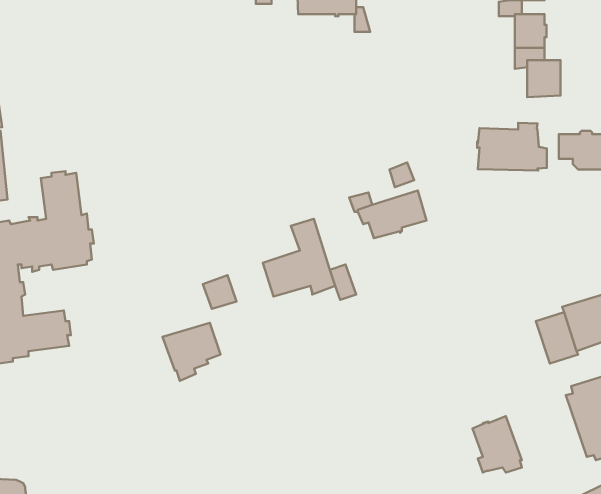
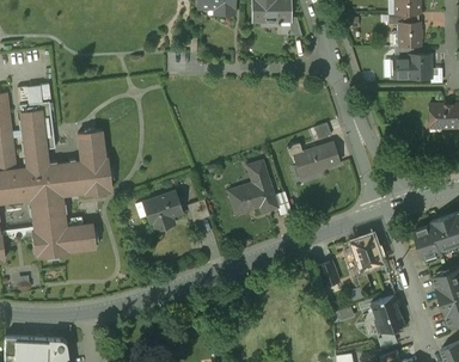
building: [477,123,547,170] -> none
building: [162,323,220,381] -> [142,194,182,233]
building: none -> [345,235,380,270]

